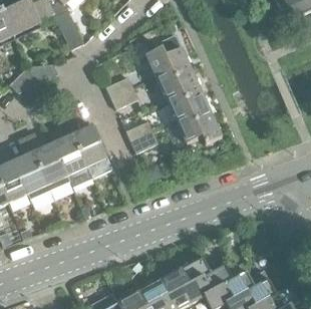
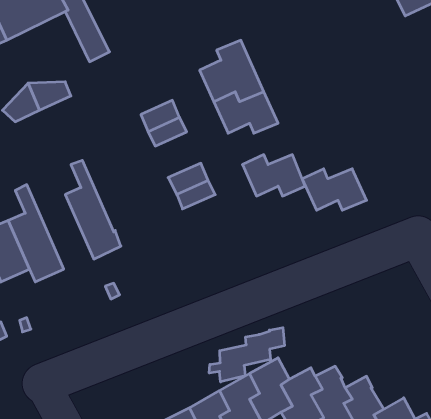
building: [167,93,212,122] -> [302,169,367,210]
building: [64,115,107,170] -> none
building: [25,133,71,196] -> none
building: none -> [209,328,284,382]

